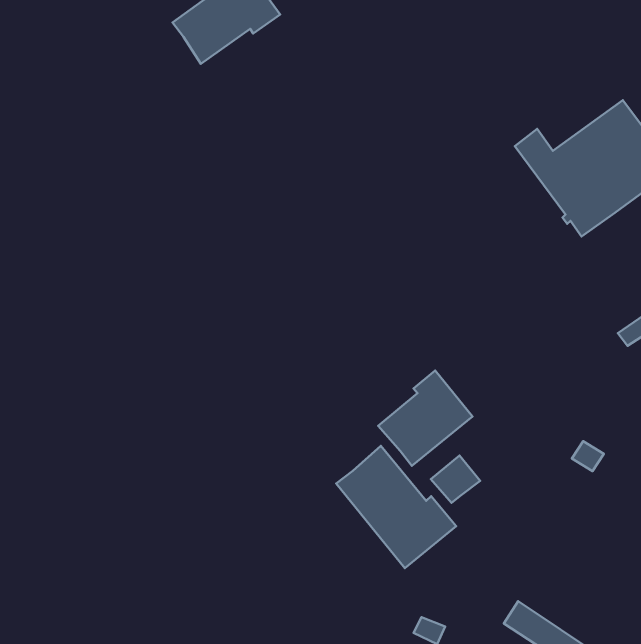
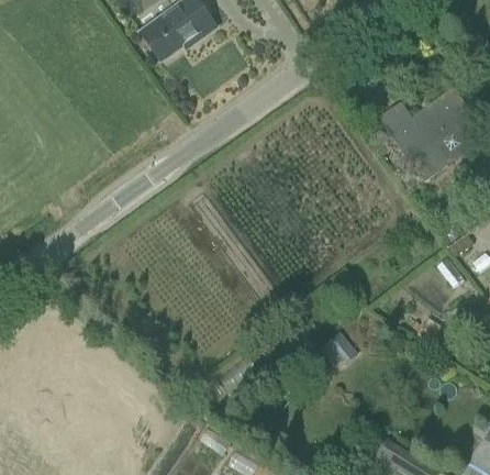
building: [378,371,472,466] -> none
building: [336,446,456,568] -> none

